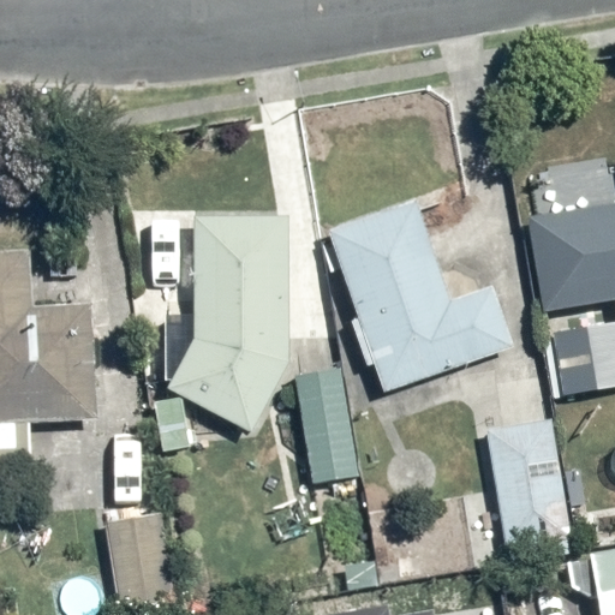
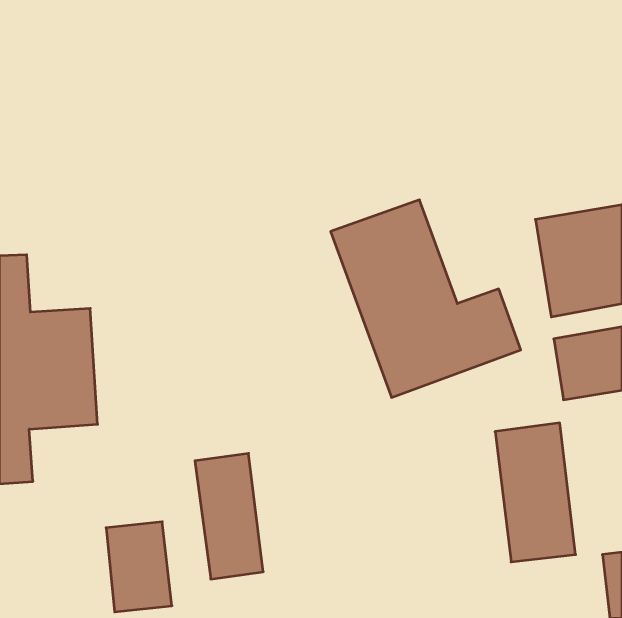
building: [166,214,289,432] -> none
building: [295,362,363,485] -> [195,453,263,579]

